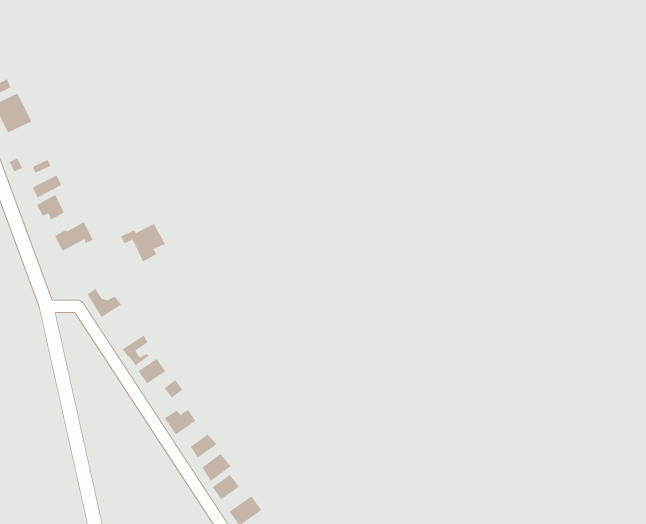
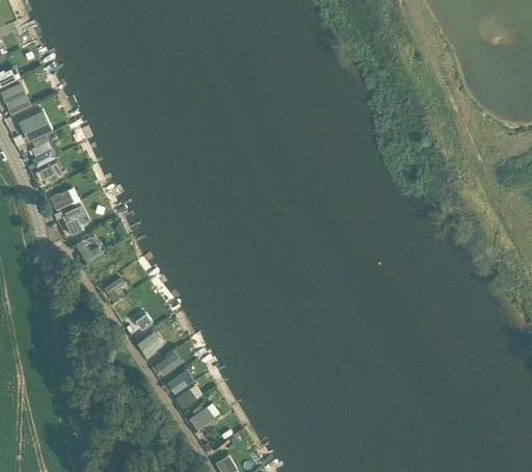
building: none -> [18,109,52,141]
building: [120,223,166,262] -> [53,204,89,235]

